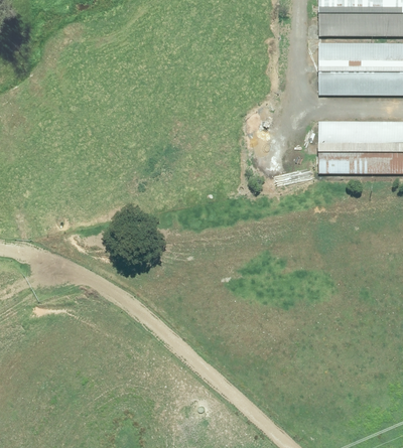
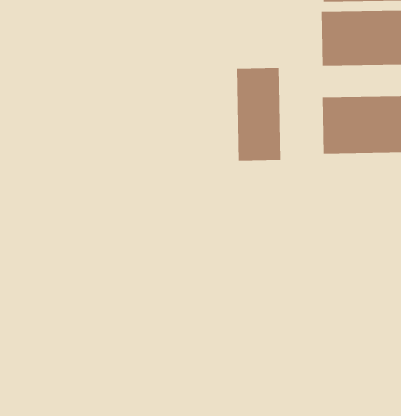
building: none -> [236,67,281,161]

